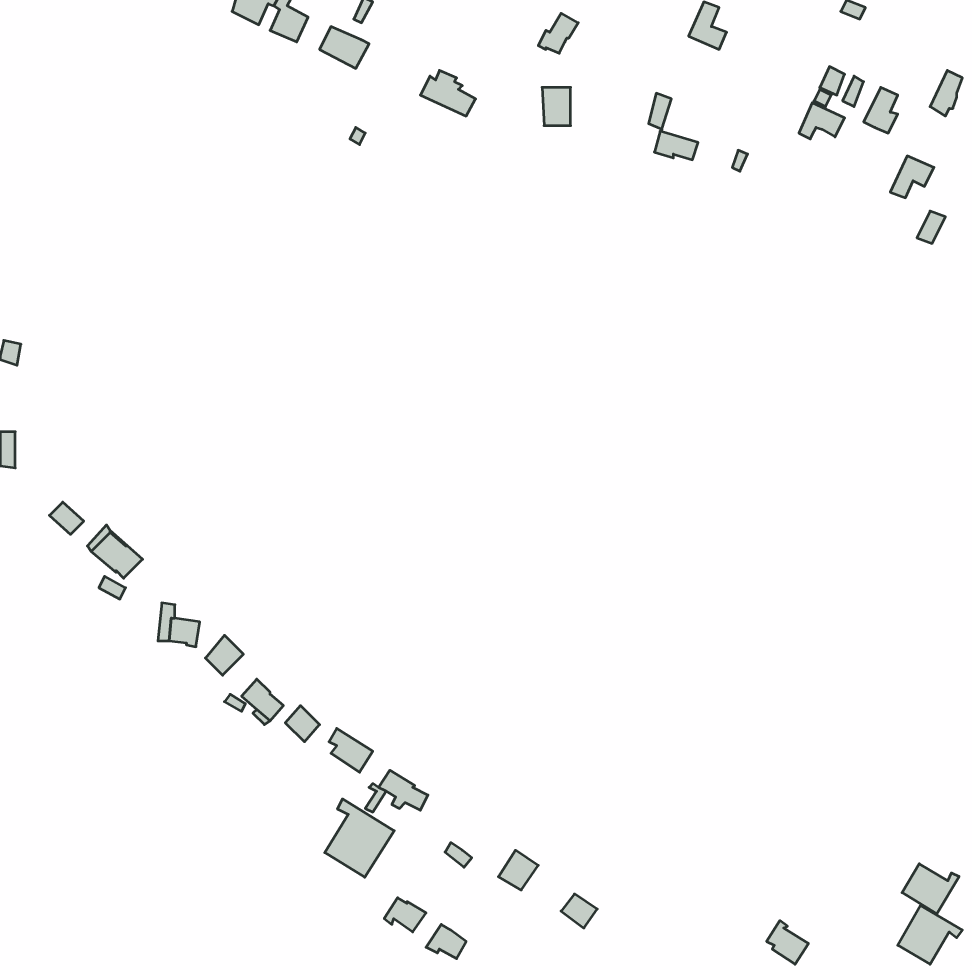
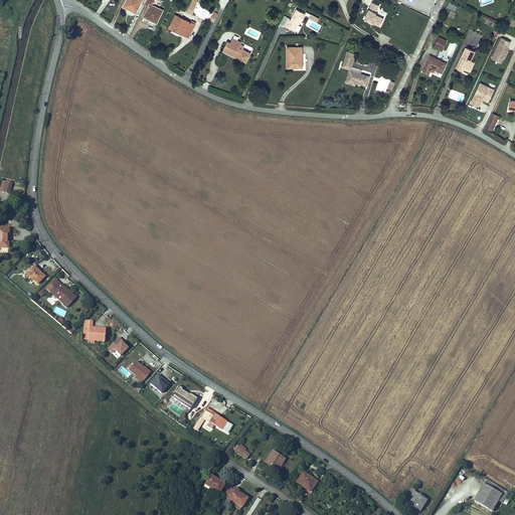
building: [325,799,394,877] -> none
building: [902,864,959,914] -> none

